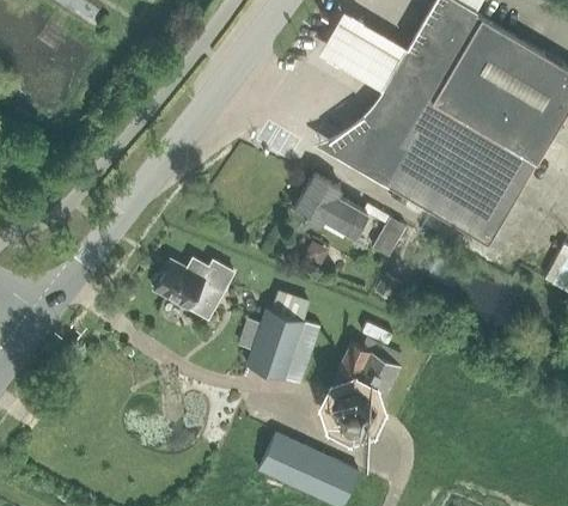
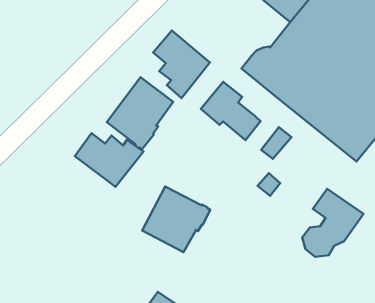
building: none -> [153,31,210,98]
building: none -> [107,77,173,149]
building: [331,343,399,426] -> [302,189,364,257]

